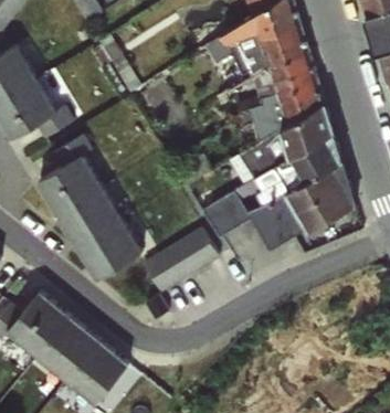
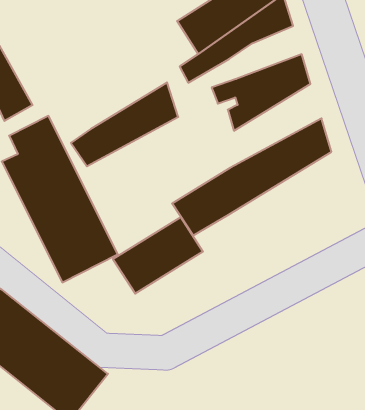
building: [244,55,309,103] -> none
building: [231,107,327,182] -> [71,82,178,166]
building: [244,168,348,255] -> none

